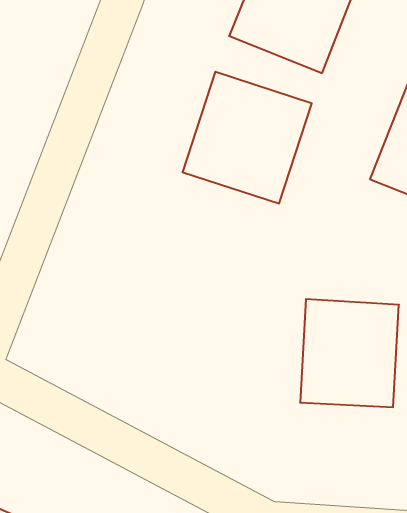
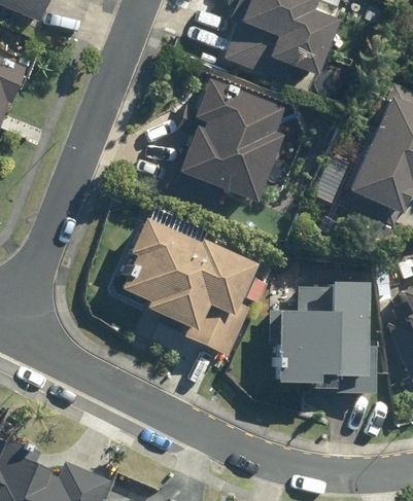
building: none -> [111,217,256,347]

